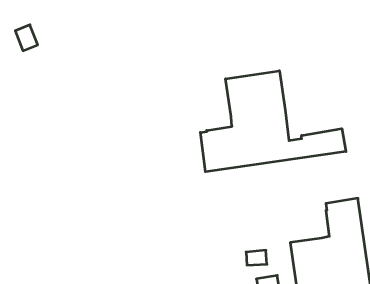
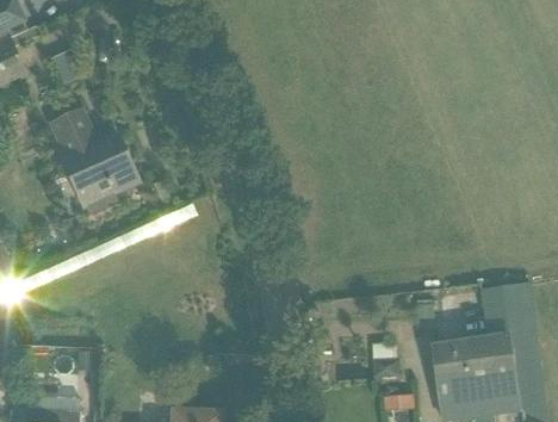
building: [200,71,346,172] -> none
building: none -> [52,111,136,215]

